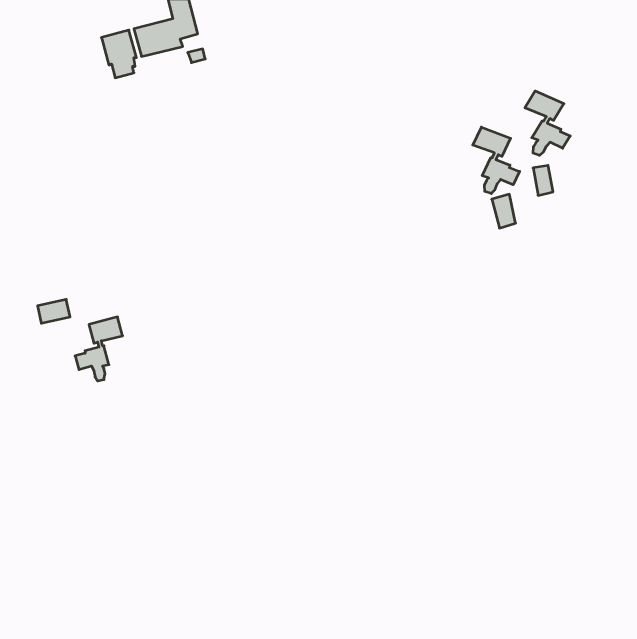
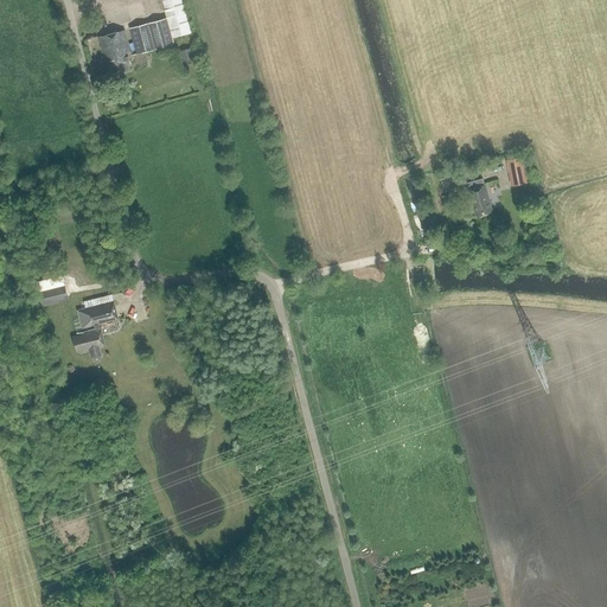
building: [525,91,570,155] -> none
building: [473,127,520,194] -> none

